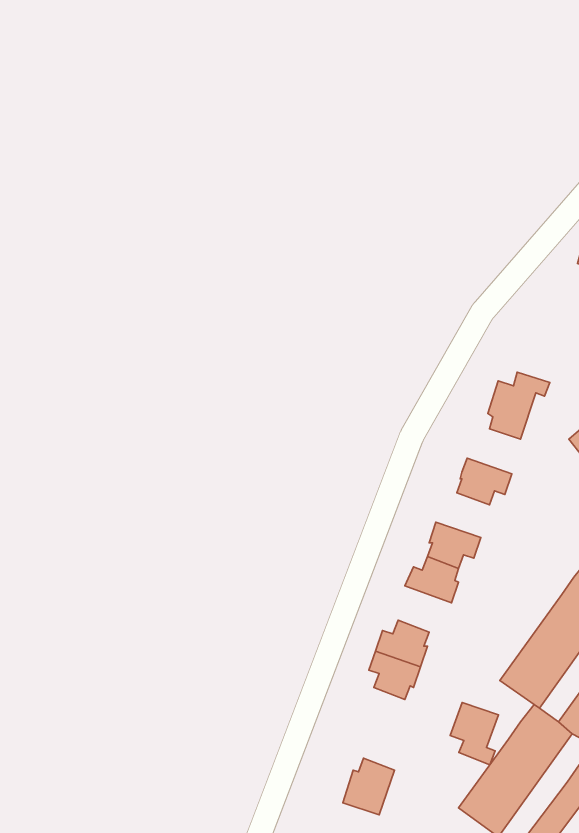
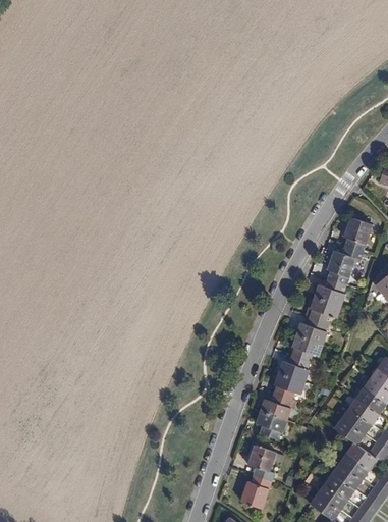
building: none -> [344,217,373,252]
building: none -> [315,279,346,306]
building: none -> [296,317,328,344]
building: none -> [274,372,306,400]
building: [450,703,498,765] -> [248,445,277,481]

